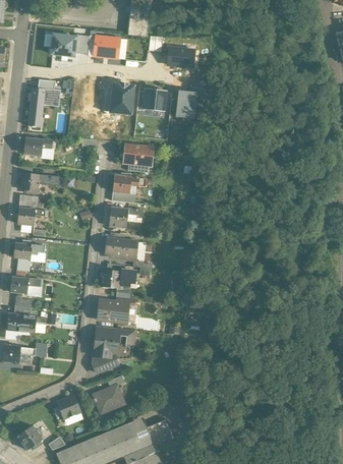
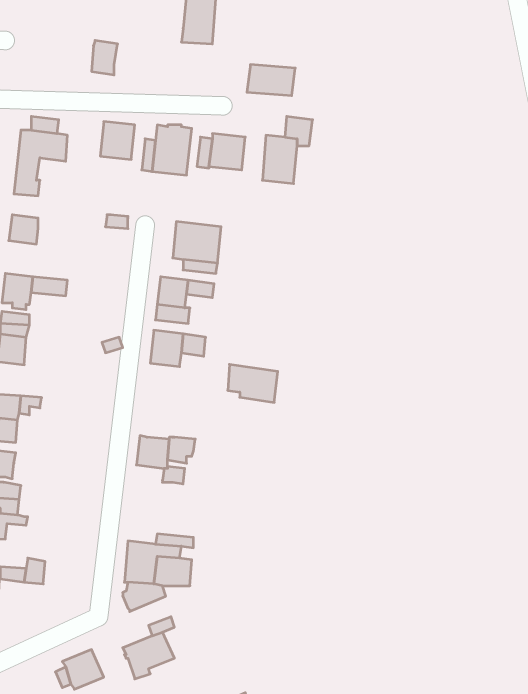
building: [50,37,74,58] -> none
building: [93,38,119,60] -> none
building: [105,237,134,259] -> [228,364,278,402]
building: [98,299,127,322] -> none

